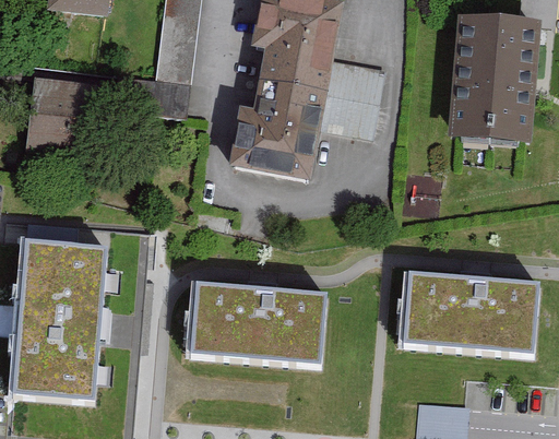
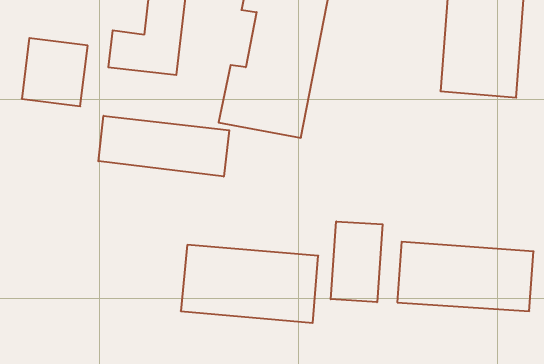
building: none -> [98,116,229,177]
building: [13,244,103,396] -> none
building: none -> [331,221,383,302]

